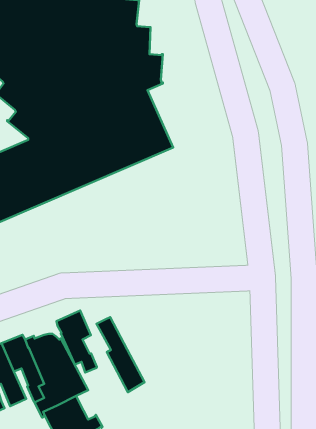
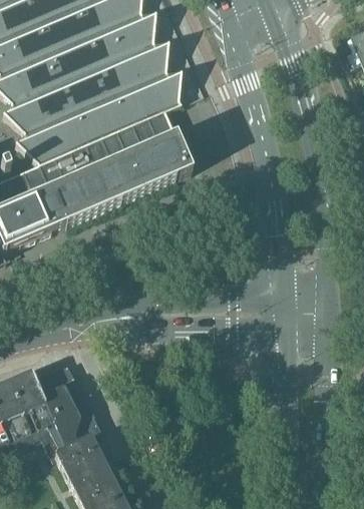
building: [56,311,97,372] -> none
building: [96,317,145,392] -> none

